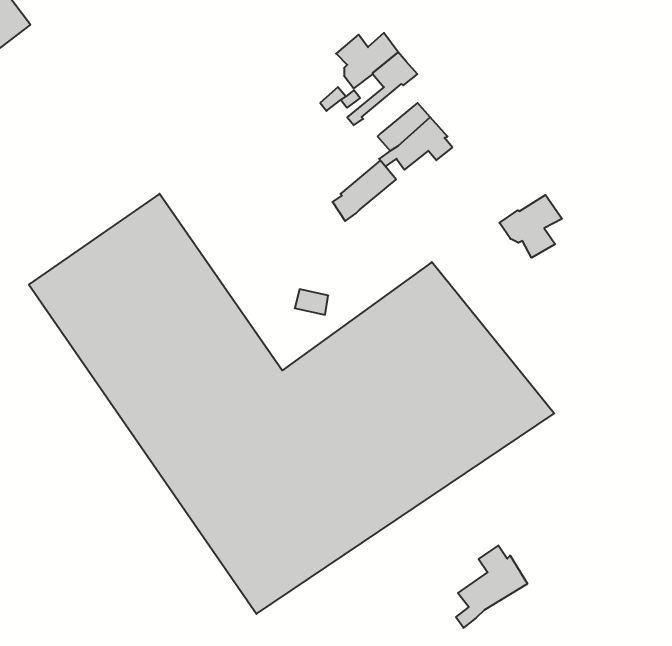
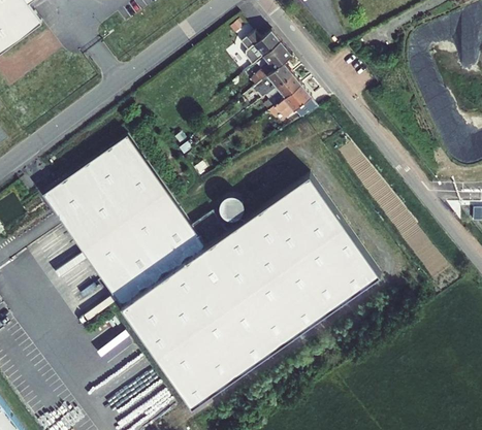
building: [332,161,396,221] -> [252,63,293,102]
building: [499,195,562,258] -> none
building: [456,545,527,628] -> none

